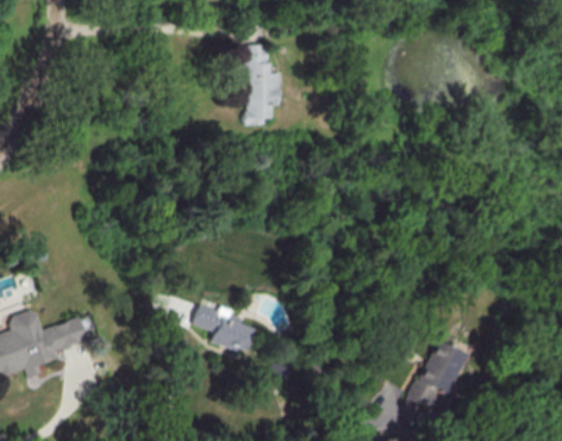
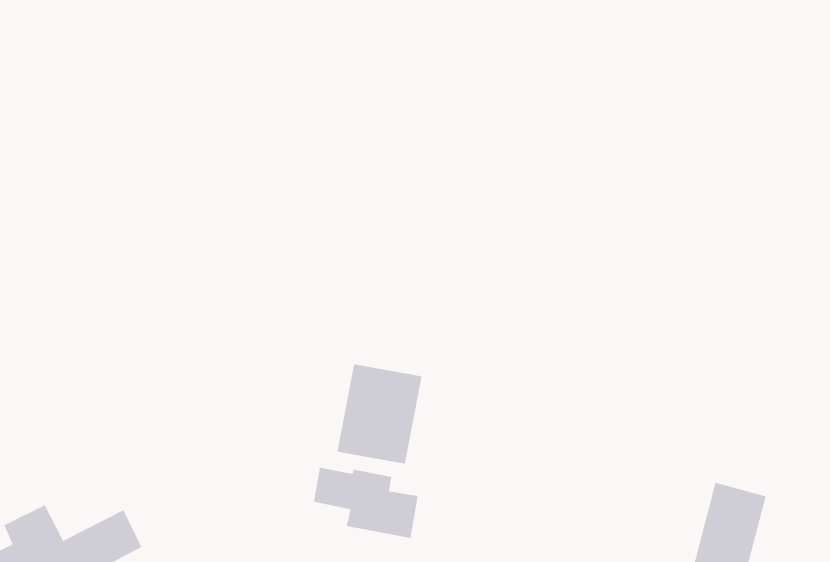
building: [248,44,281,123] -> none
building: none -> [337,363,422,465]

